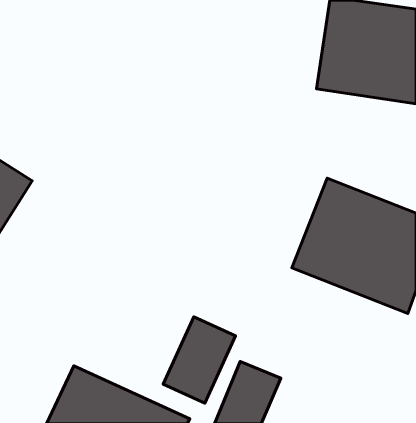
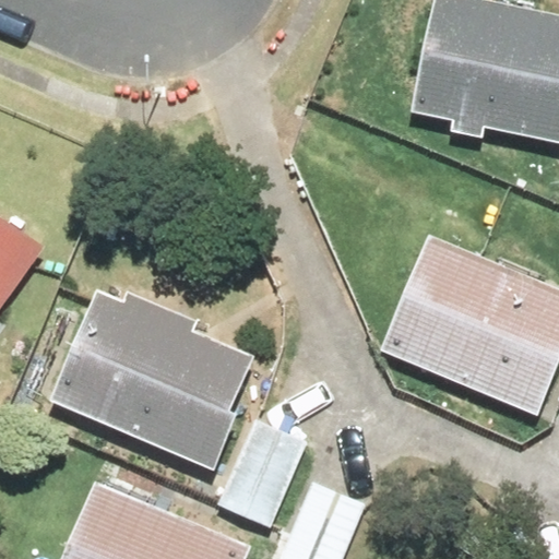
building: none -> [51,286,262,472]

